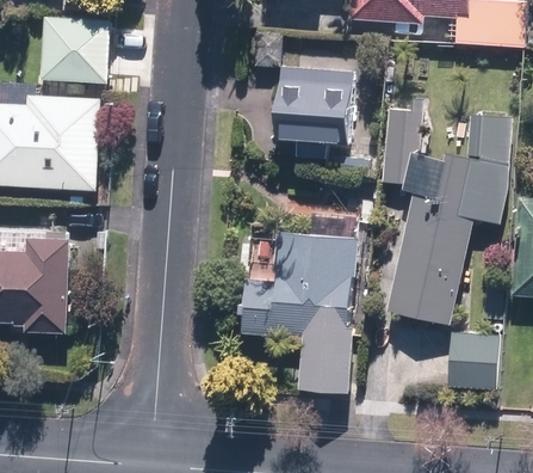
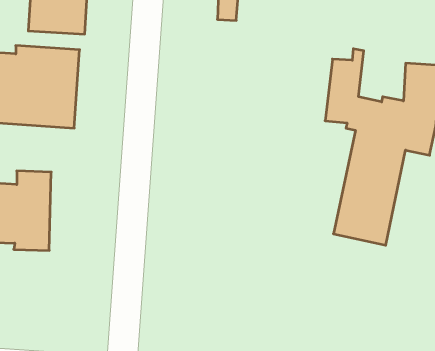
building: [277,67,351,143] -> none
building: [244,232,359,391] -> none
building: [450,333,498,387] -> none

